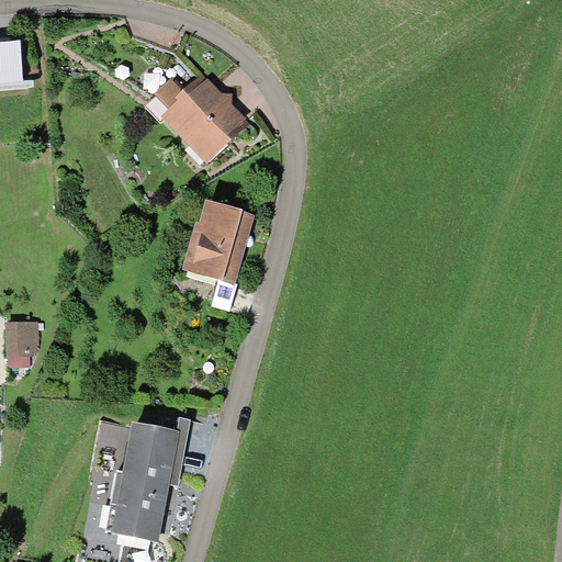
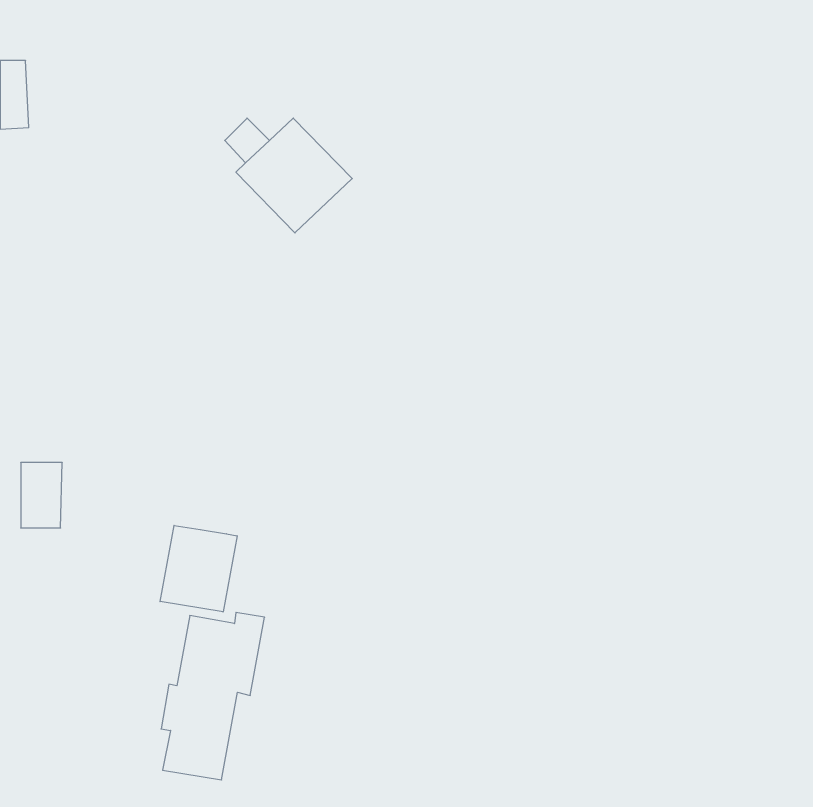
building: [186,202,250,281] -> none
building: none -> [160,525,237,612]

